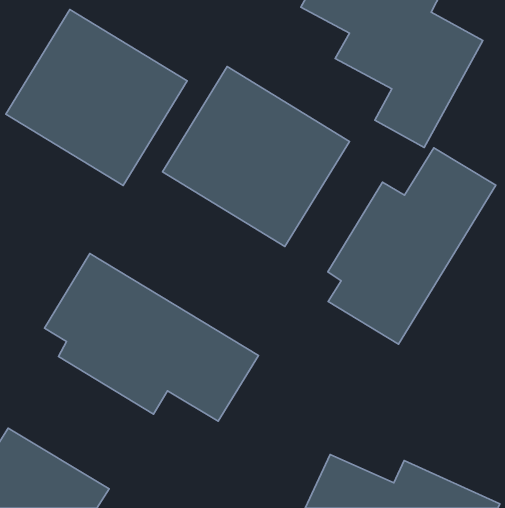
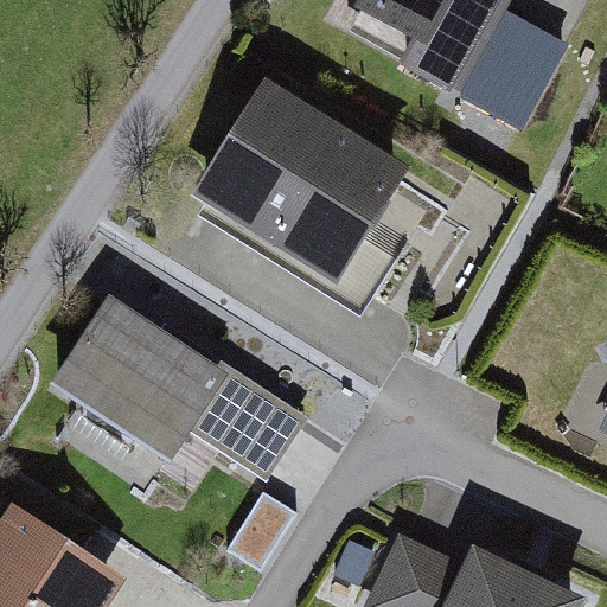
building: [6,10,187,186] -> none
building: [328,148,496,344] -> none

